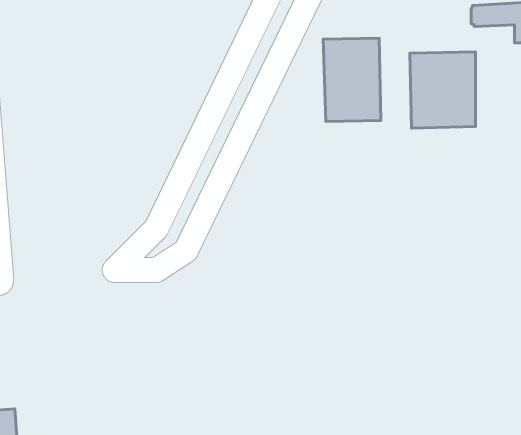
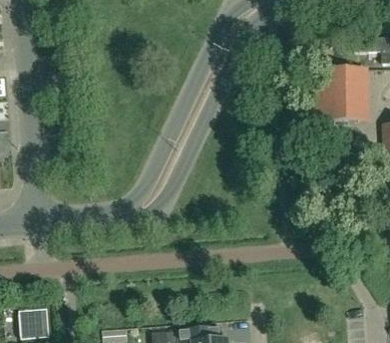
building: [323,38,381,121] -> none

